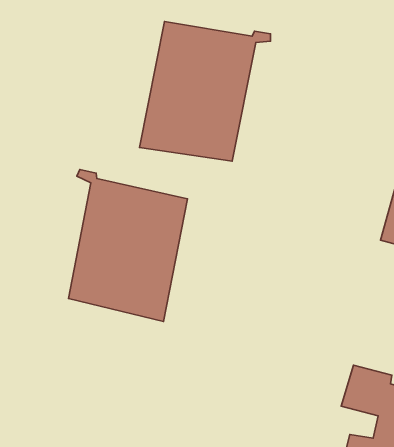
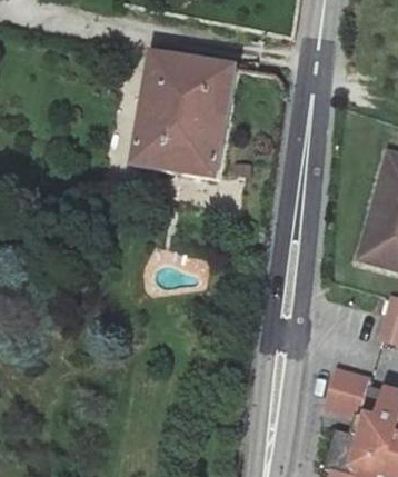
building: [68,169,188,322] -> none

